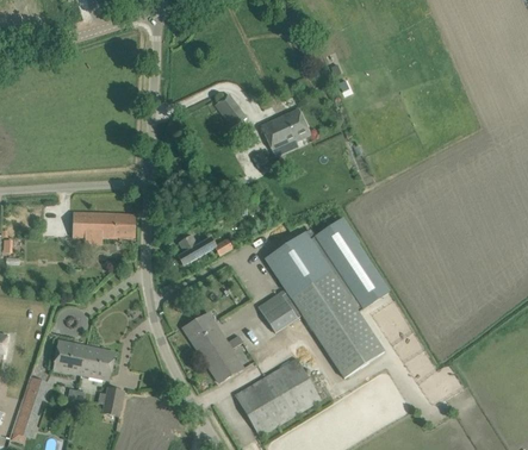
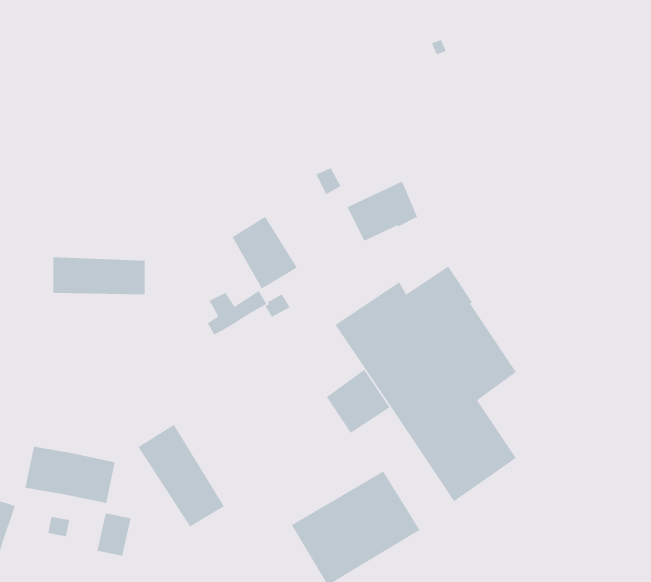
building: [213,94,246,127] -> none
building: [260,108,309,150] -> [346,180,418,242]
building: none -> [232,216,298,290]
building: [182,312,242,382] -> [137,424,225,527]

